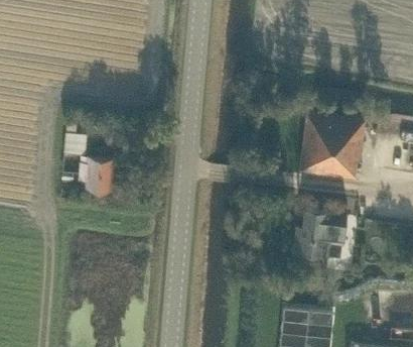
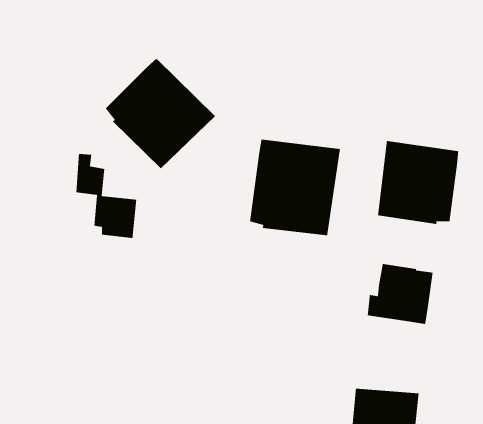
building: none -> [105,58,216,169]
building: none -> [249,139,341,236]

